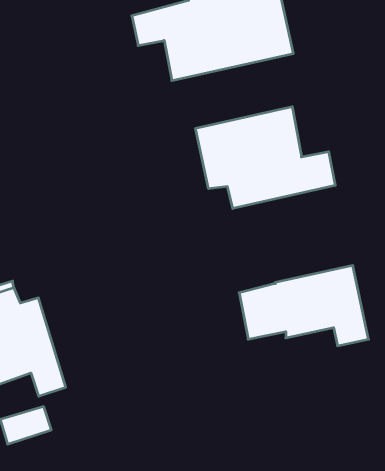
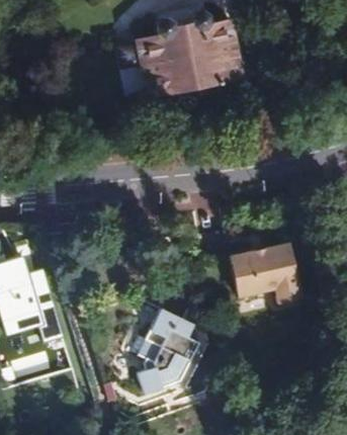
building: [196,107,335,209] -> none
building: none -> [134,308,200,396]

